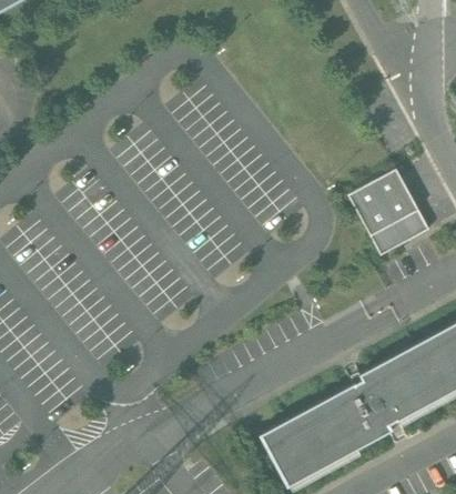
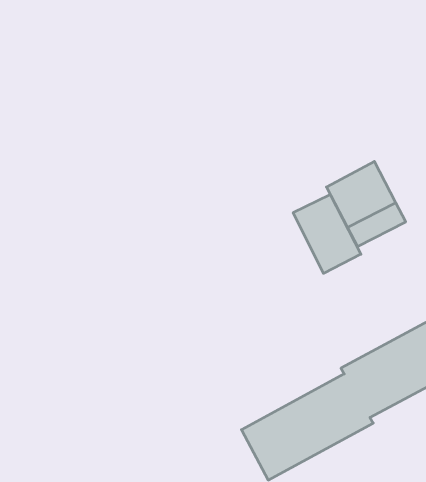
building: none -> [293,194,361,273]

